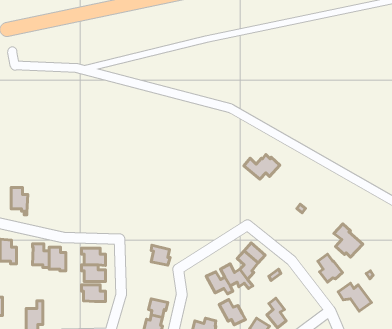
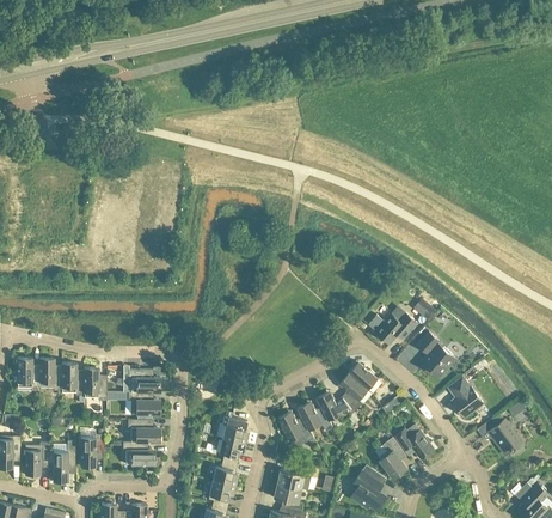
building: [244,155,280,179] -> [367,309,416,342]
building: [11,188,28,215] -> [38,358,61,395]
building: [334,224,363,257] -> [416,331,455,377]
building: [151,245,170,265] -> [221,415,247,443]
building: none -> [79,428,103,467]
building: none -> [393,428,434,458]
building: [219,299,246,325] -> [277,410,313,445]
building: none -> [122,440,154,464]
building: none -> [24,441,47,474]

